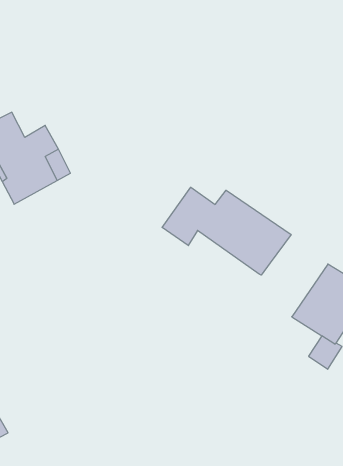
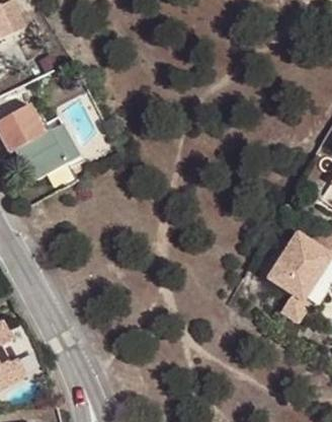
building: [162,187,291,275] -> none

